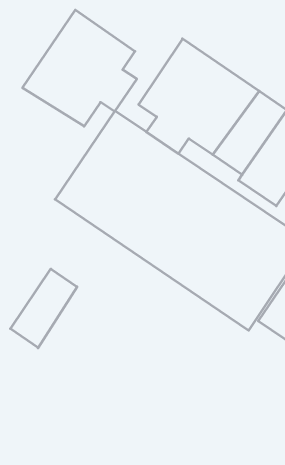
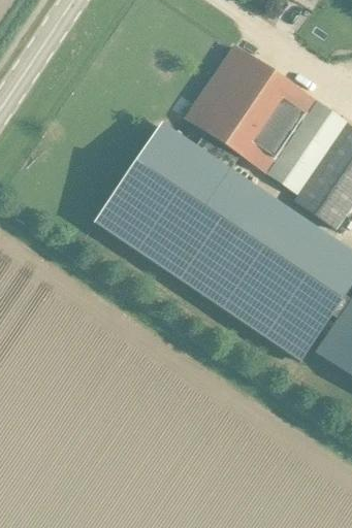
building: [23,10,137,126] -> none
building: [10,269,77,348] -> none

